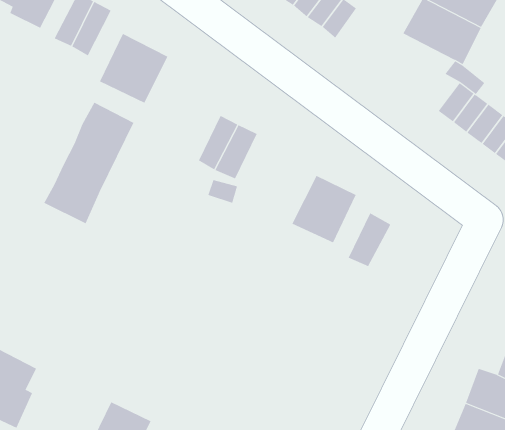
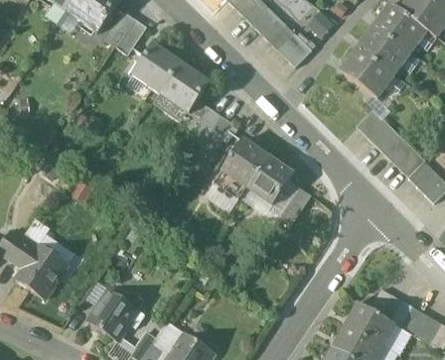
building: none -> [160,64,208,113]
building: [43,102,134,224] -> none
building: none -> [212,139,268,201]

